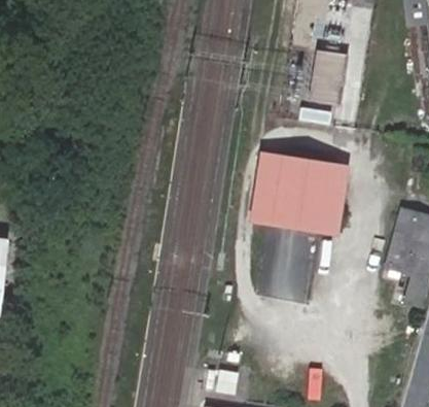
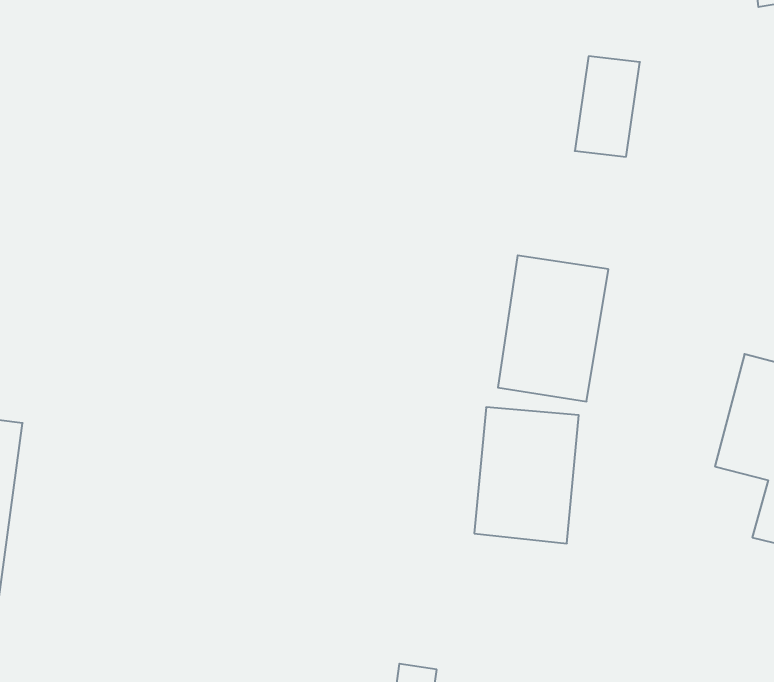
building: [250,152,281,225] -> none
building: [317,163,348,235] -> none

